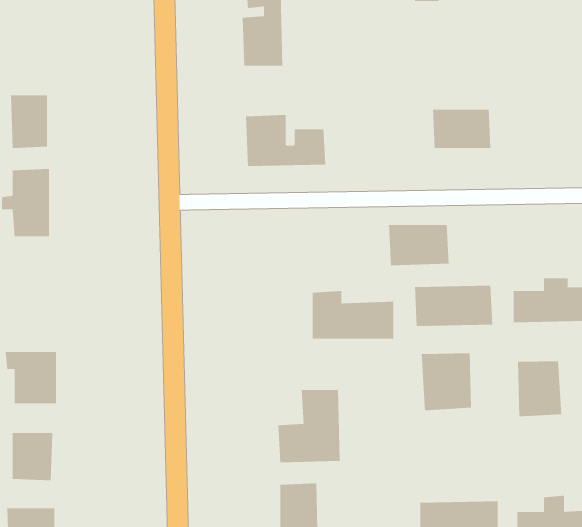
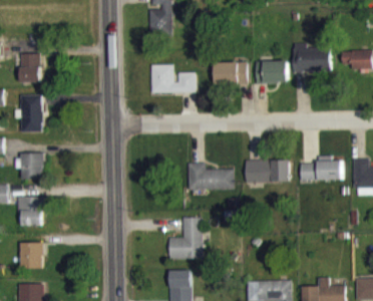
building: none -> [292,43,330,73]
building: [388,224,449,266] -> [214,62,248,85]
building: none -> [20,153,43,180]
building: [421,352,472,411] -> none
building: [517,361,562,417] -> none

